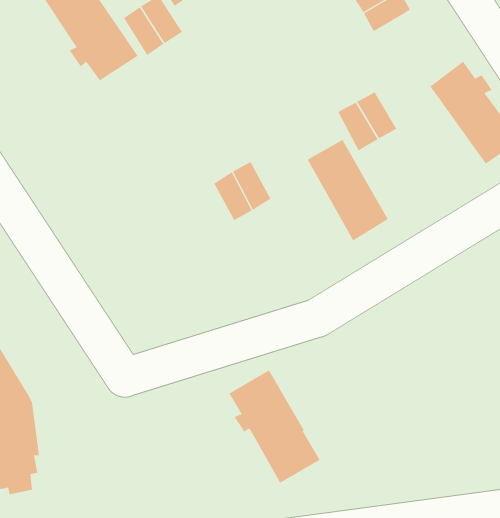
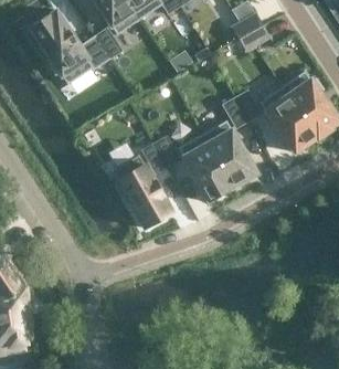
building: none -> [259,87,318,152]
building: none -> [178,135,232,202]
building: [229,370,321,484] -> [112,155,171,229]

